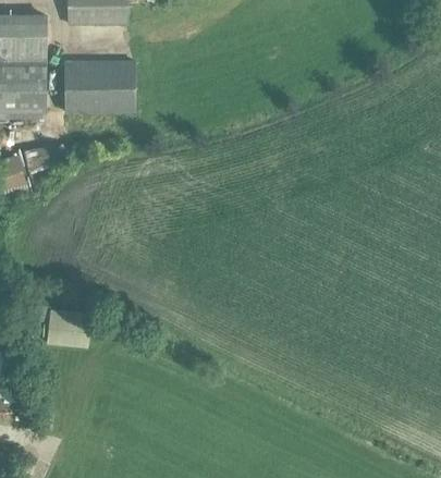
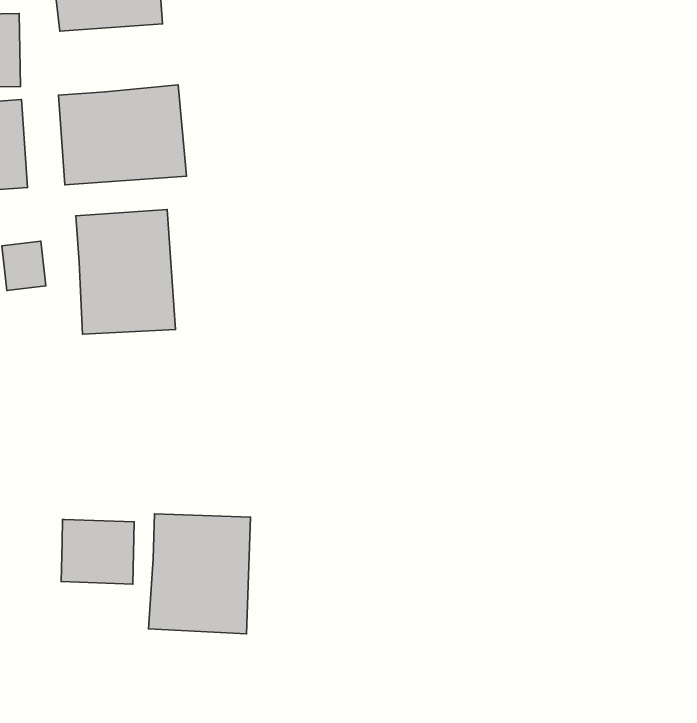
building: none -> [76,209,176,334]
building: none -> [149,514,250,634]

